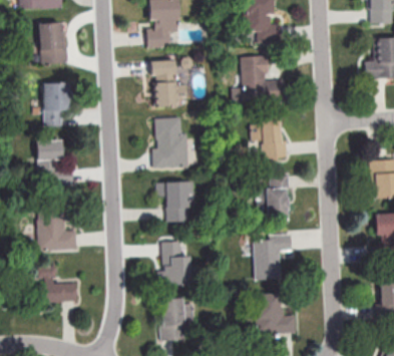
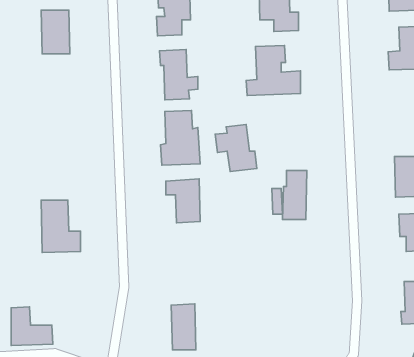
building: [43,81,68,125] -> none
building: [250,115,289,159] -> [215,125,257,172]
building: [36,139,74,188] -> none
building: [254,234,292,280] -> none
building: [160,241,190,284] -> none
building: [38,266,77,302] -> [11,307,53,345]
building: [257,293,297,333] -> none

